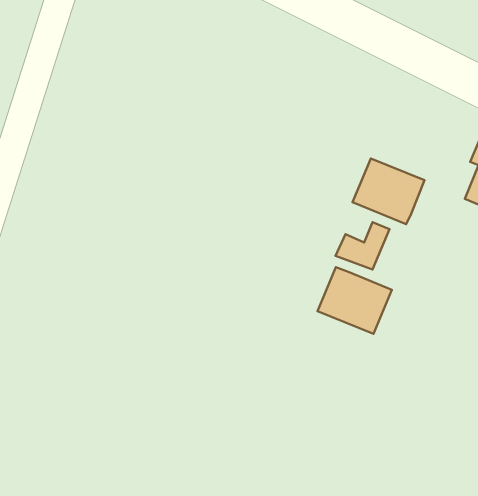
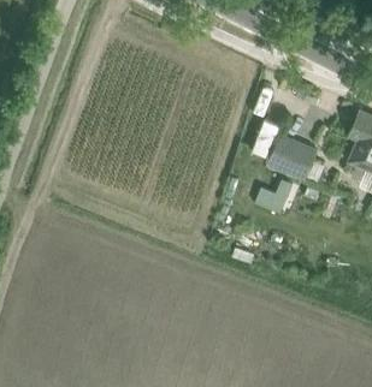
building: [317,267,392,334] -> none

